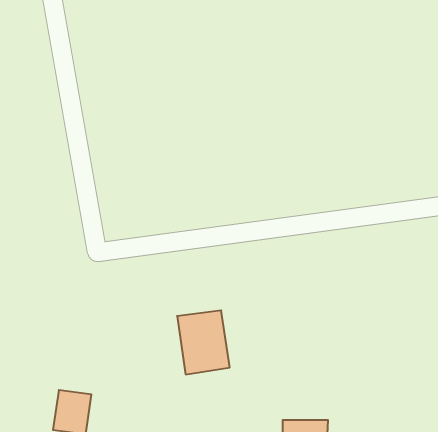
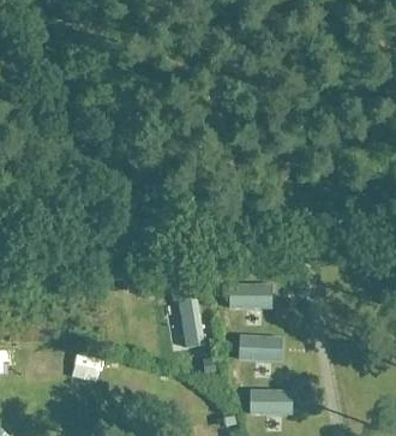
building: none -> [233,286,270,309]
building: none -> [241,334,280,359]

